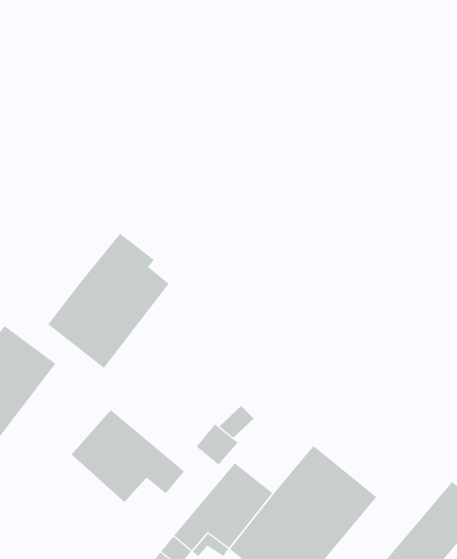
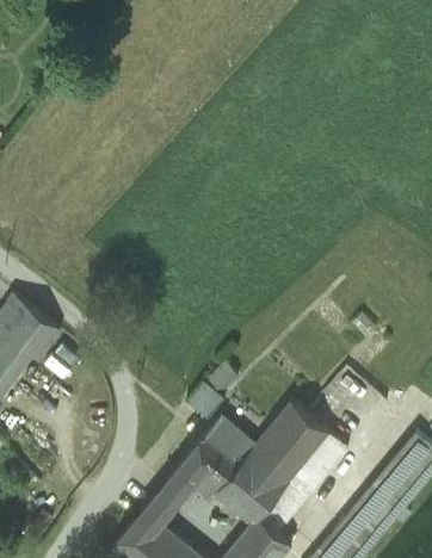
building: [48,233,169,369] -> none
building: [71,409,185,503] -> none

